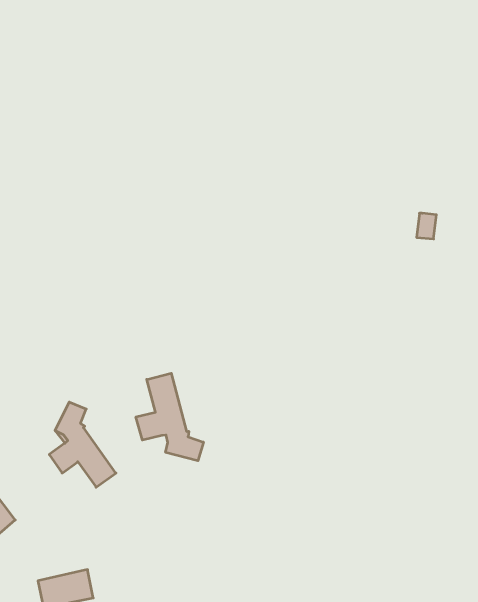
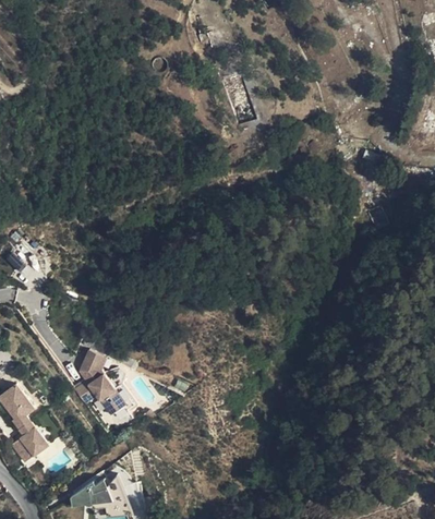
building: [136,373,203,461] -> none

